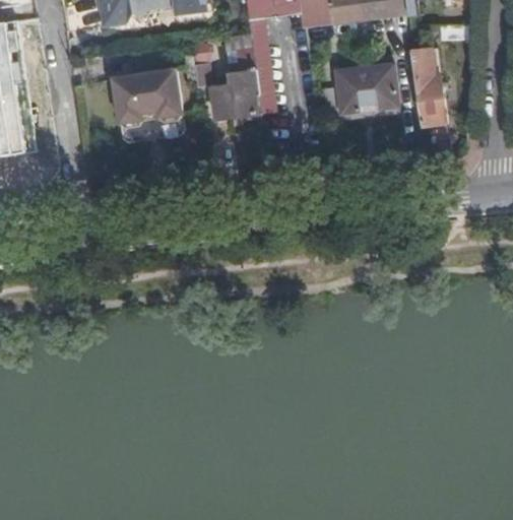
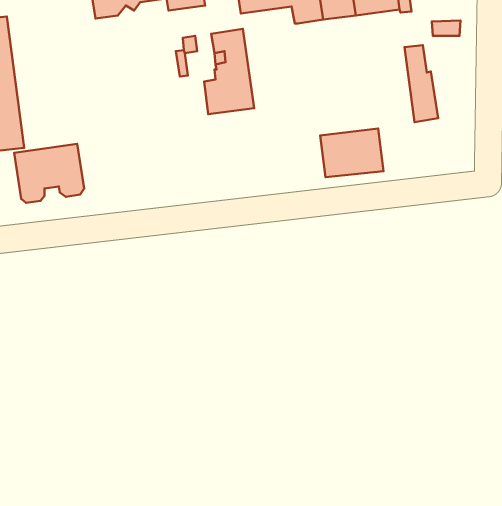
building: [337,66,400,115] -> [320,128,383,177]
building: [112,69,182,128] -> [14,144,84,203]

